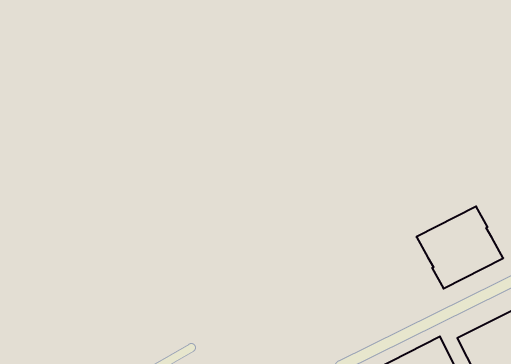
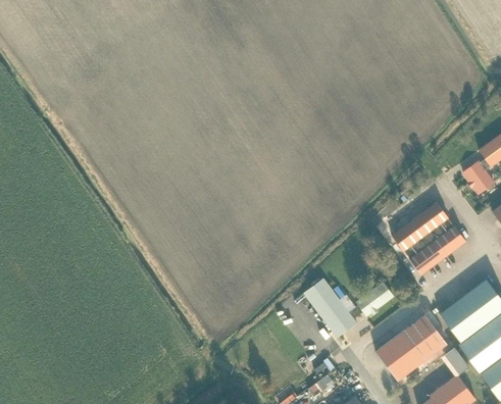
building: none -> [303,277,393,338]

